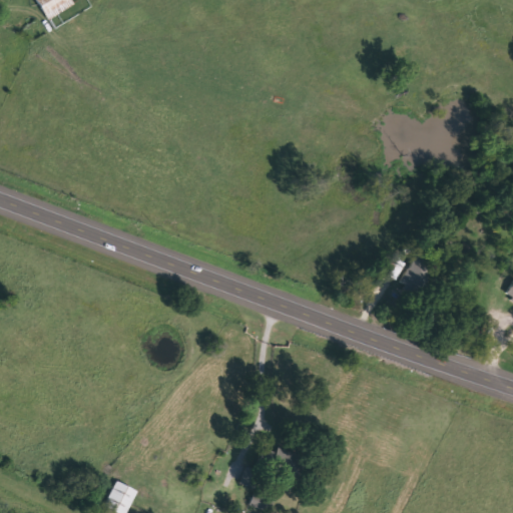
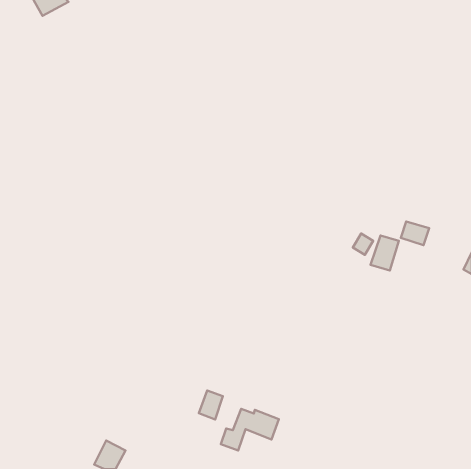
building: none -> [401,222,429,245]
building: none -> [199,390,223,419]

